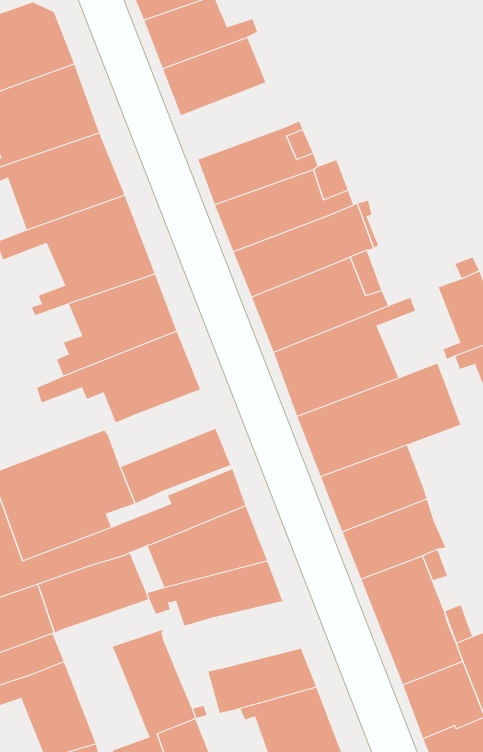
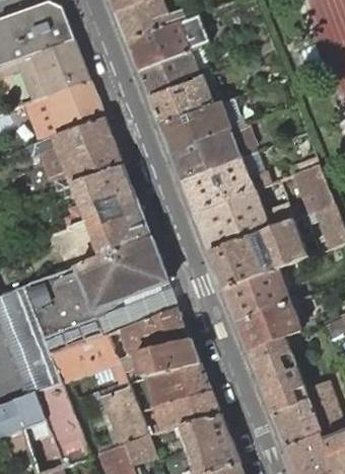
building: none -> [139,48,211,98]
building: none -> [93,237,160,284]
building: none -> [148,365,212,405]

